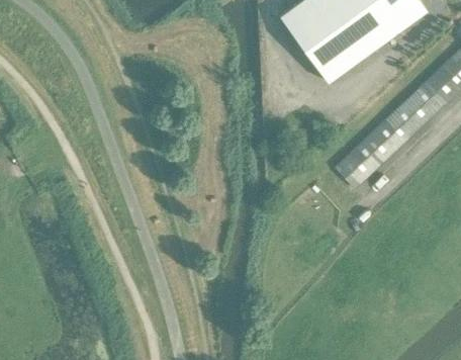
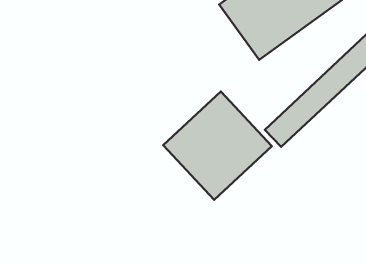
building: none -> [163,91,272,200]

